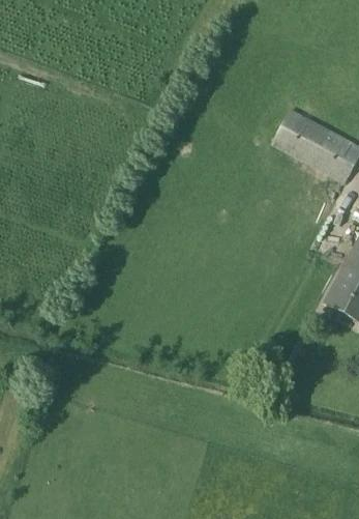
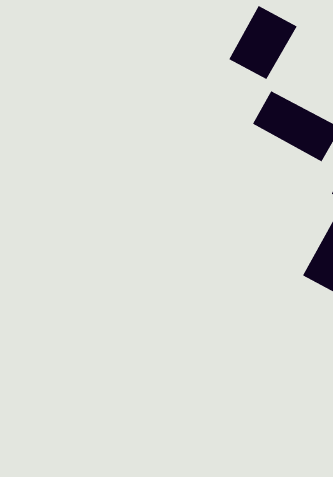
building: none -> [229,5,298,80]

